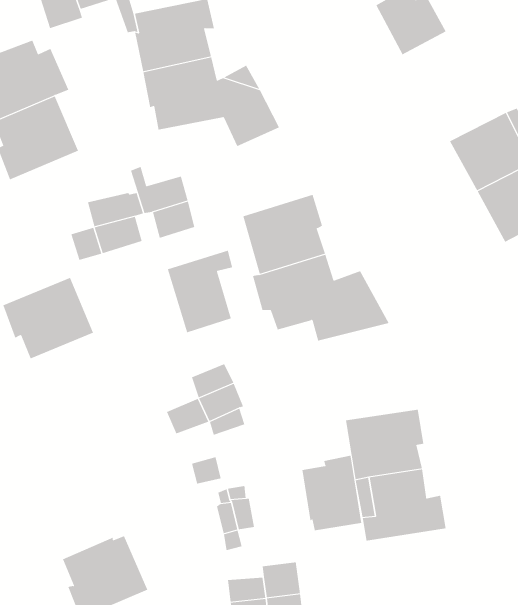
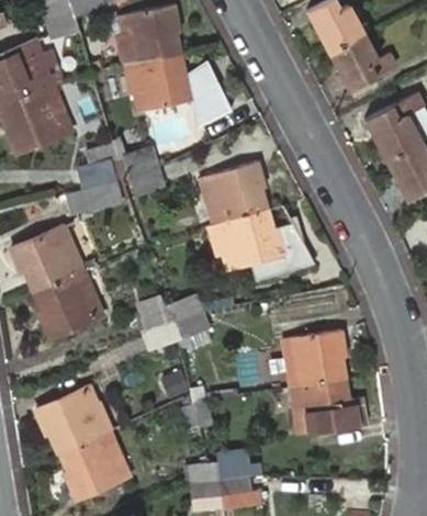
building: none -> [328,33,394,90]
building: [167,250,233,333] -> none
building: none -> [34,271,104,338]
building: none -> [131,292,167,334]
building: [302,455,362,531] -> none
building: none -> [37,385,115,450]

